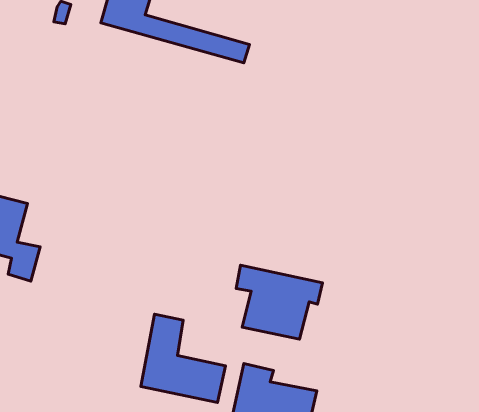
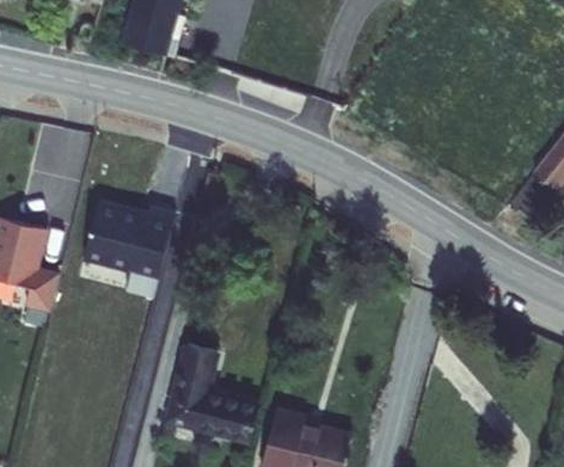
building: none -> [84,208,176,305]
building: [236,265,322,339] -> none

